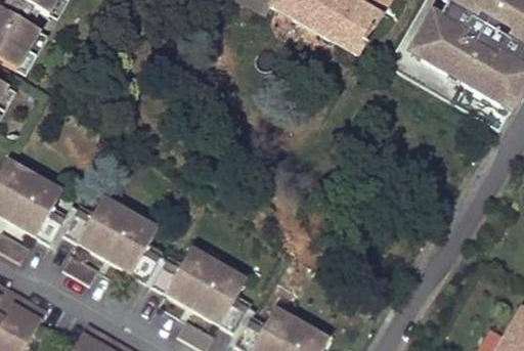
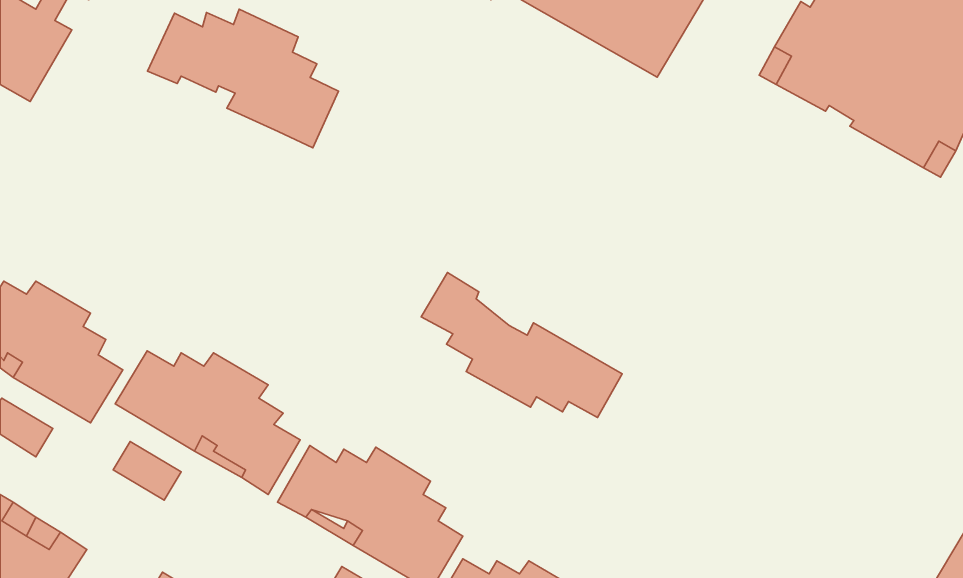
building: none -> [147,9,338,148]
building: none -> [421,273,622,418]

